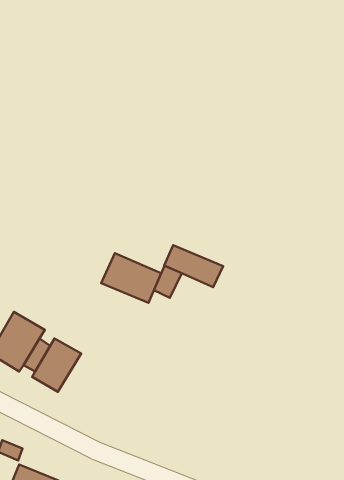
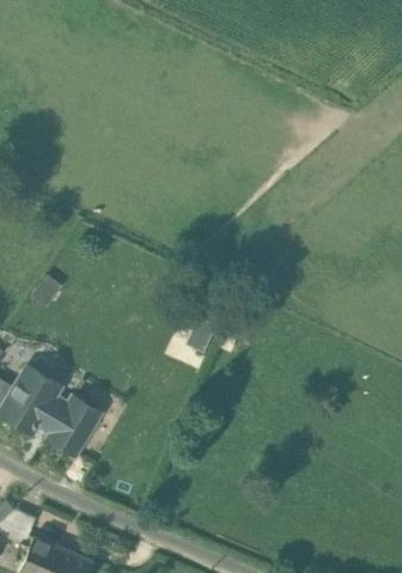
building: [164,245,223,287] -> none
building: [101,253,161,303] -> none

